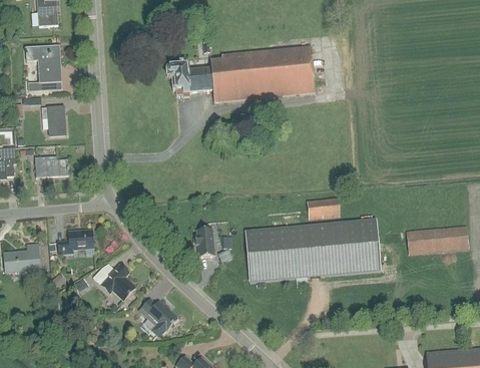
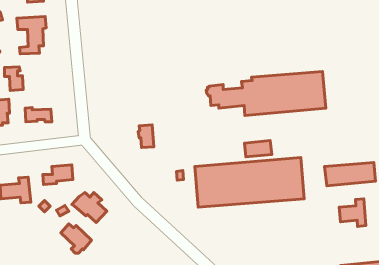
building: [166,47,315,101] -> [206,72,326,115]
building: [42,107,65,136] -> [5,67,23,90]
building: [195,229,214,257] -> [138,125,154,148]
building: none -> [339,199,366,226]
building: [139,299,177,335] -> [61,224,91,253]

